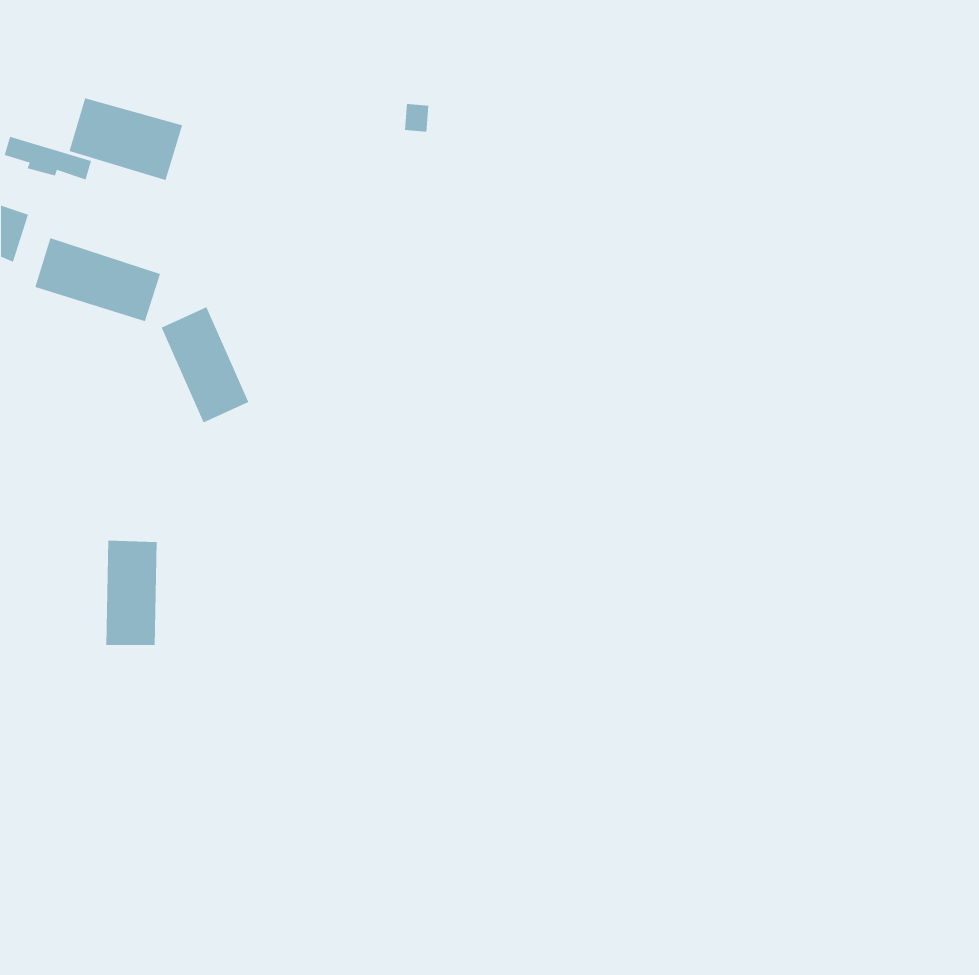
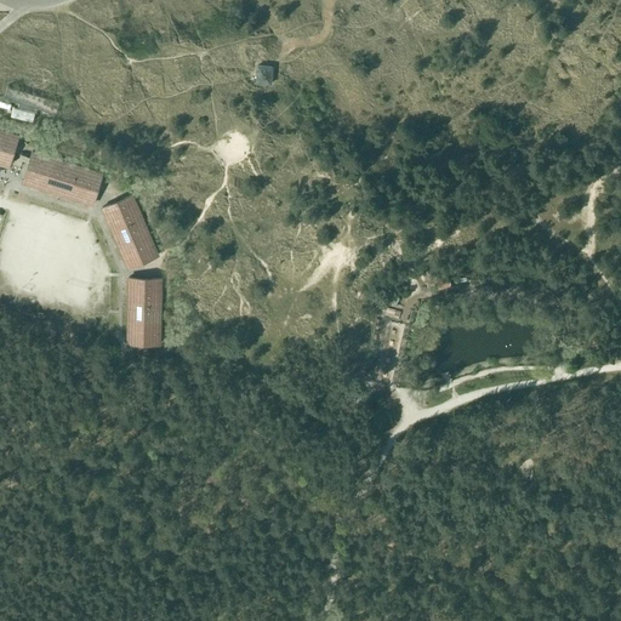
building: [69,97,183,181] -> none
building: [106,540,157,645] -> [127,279,160,346]

